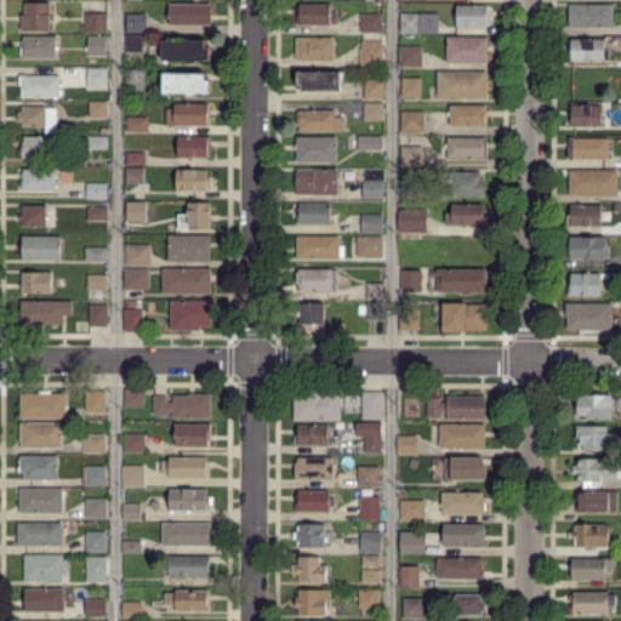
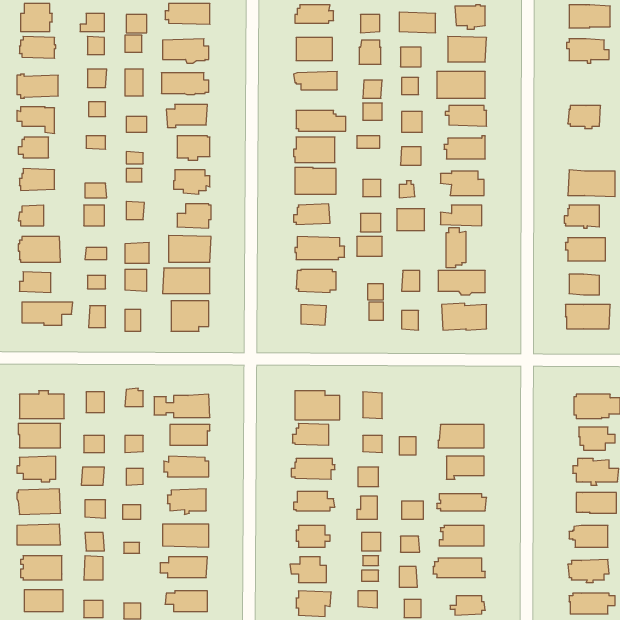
building: [568,138,606,159] -> none
building: none -> [446,228,466,268]
building: [427,397,484,420] -> none

